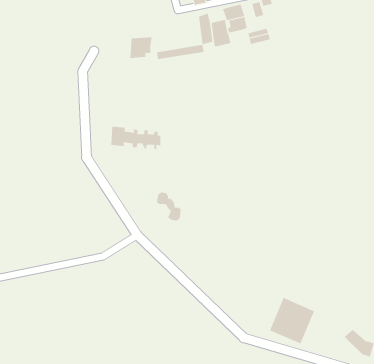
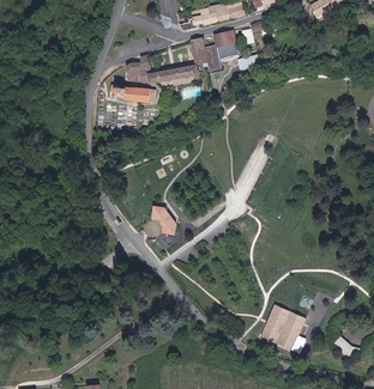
building: [110,126,161,150] -> [107,80,155,103]

